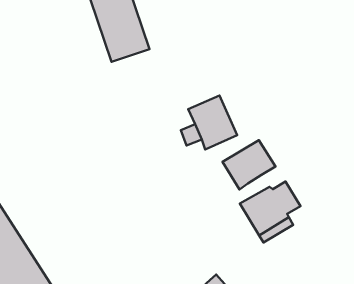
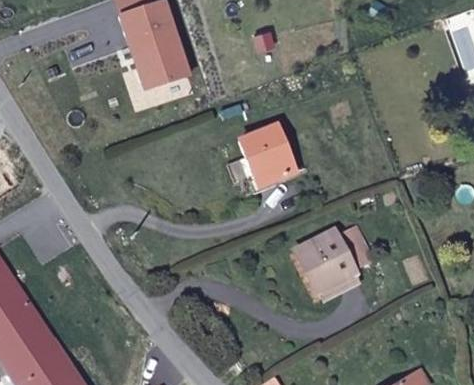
building: [223,140,275,190] -> none

